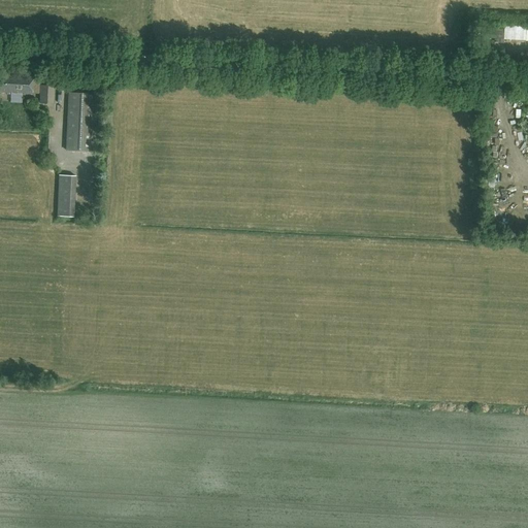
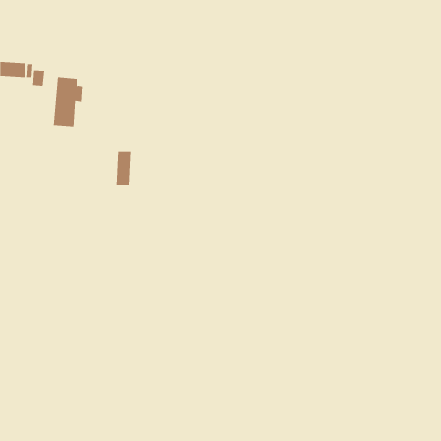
building: [56,174,74,216] -> [116,151,131,186]

